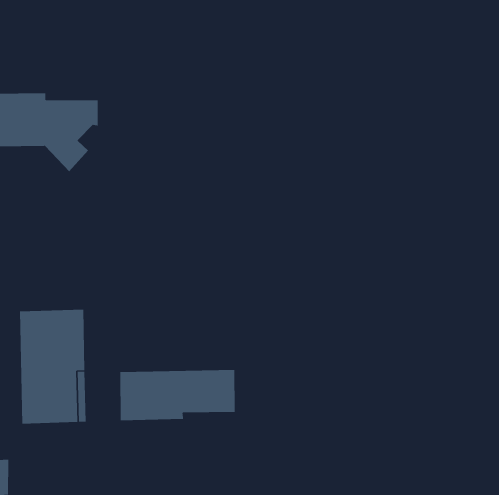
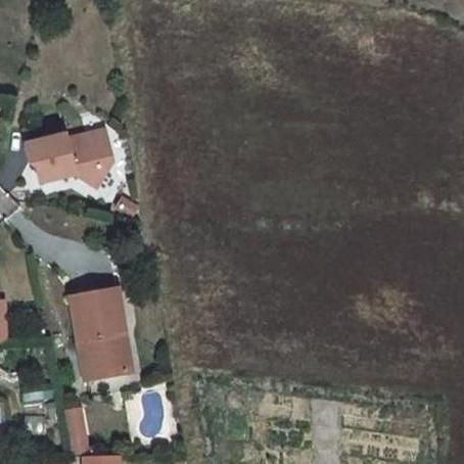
building: [120,369,235,421] -> none

